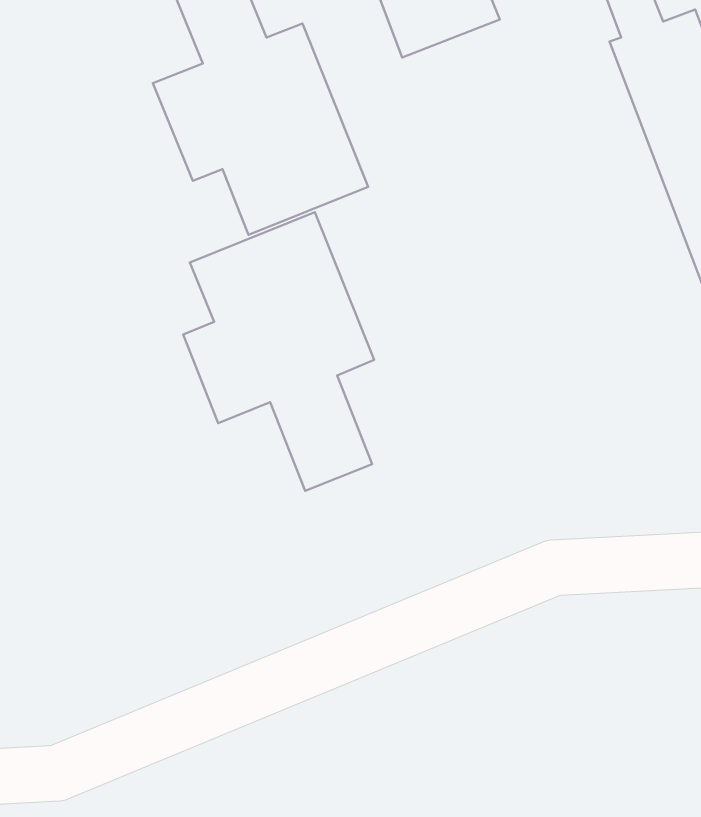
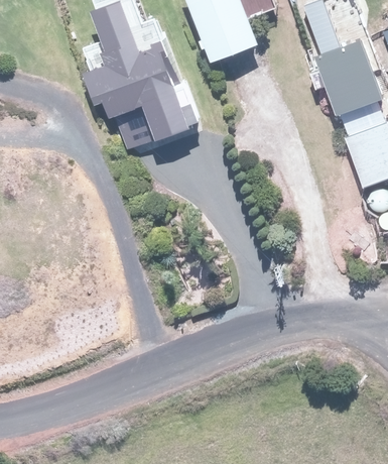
building: [183,212,374,491] -> none

